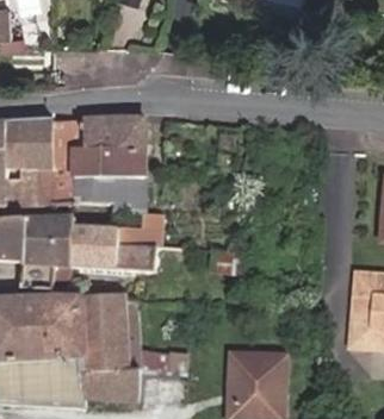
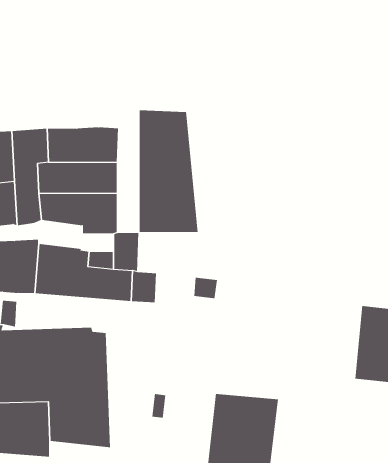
building: none -> [139,110,198,233]

